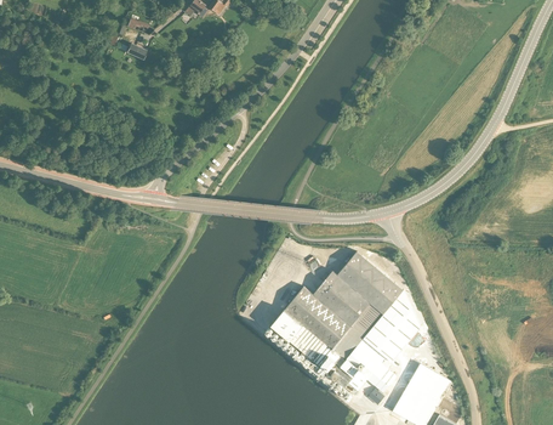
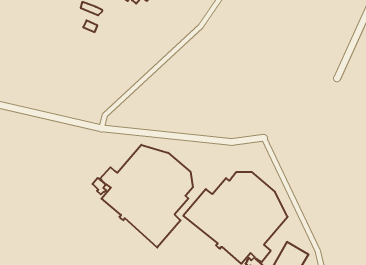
building: none -> [92,145,193,248]

